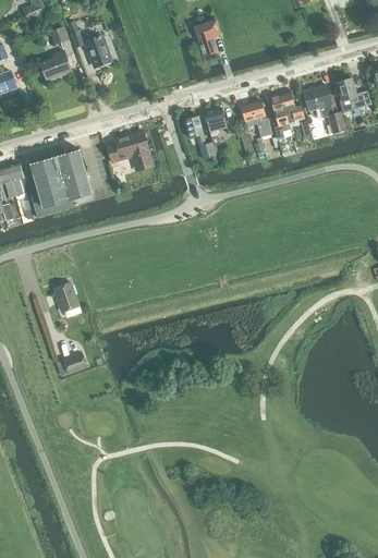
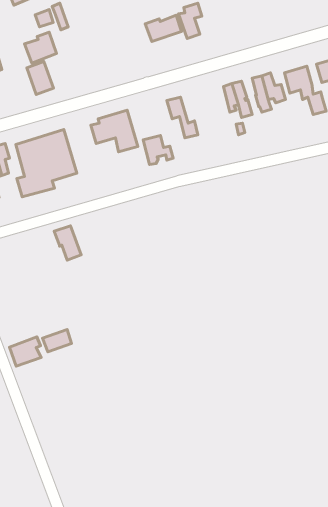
building: none -> [145,15,182,41]
building: [84,34,111,68] -> [27,61,53,95]
building: [204,107,234,136] -> [143,136,173,164]
building: [53,282,81,317] -> [54,226,81,260]
building: none -> [10,337,41,366]

